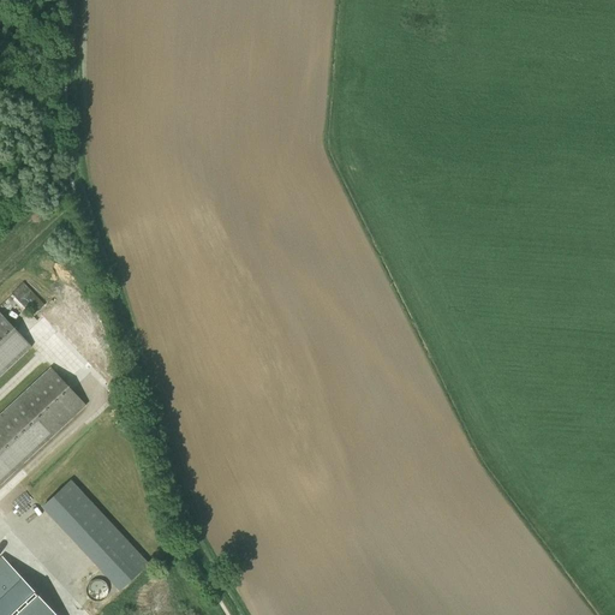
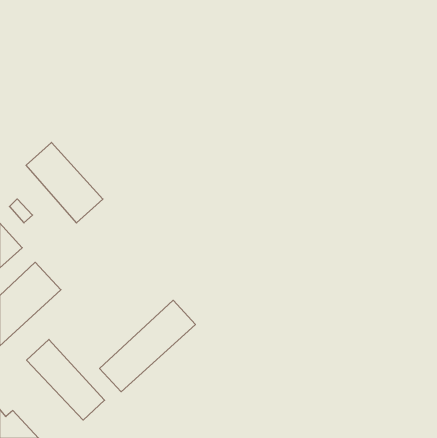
building: none -> [26,142,103,223]
building: none -> [100,300,195,392]

